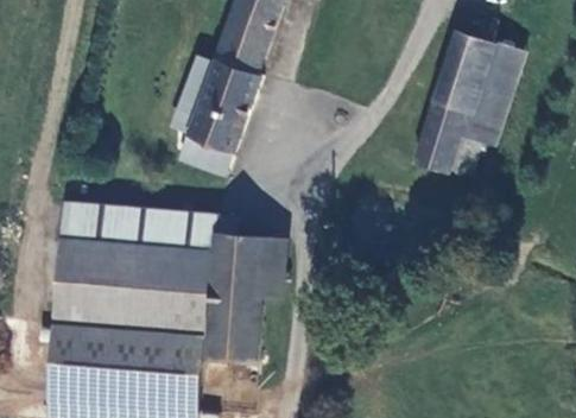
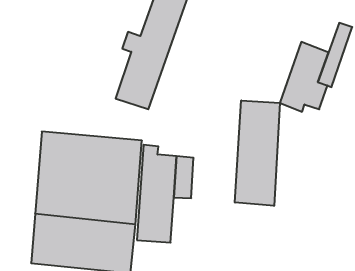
building: [443,32,498,90] -> none
building: none -> [235,100,280,206]

